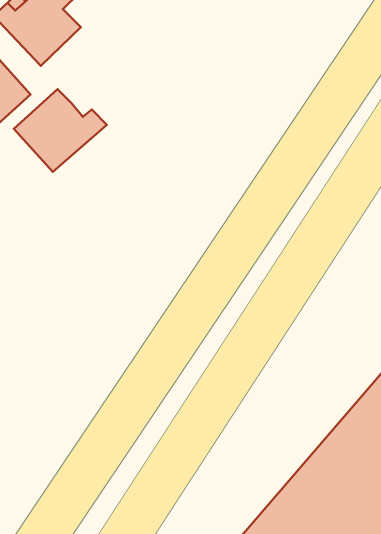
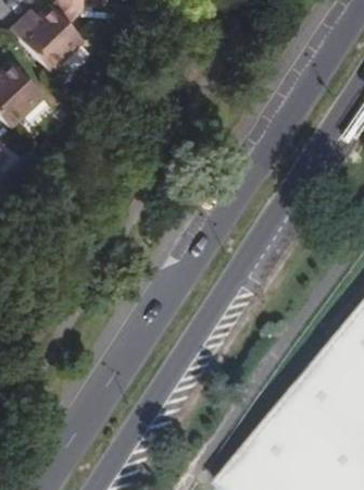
building: [14,89,107,172] -> none

